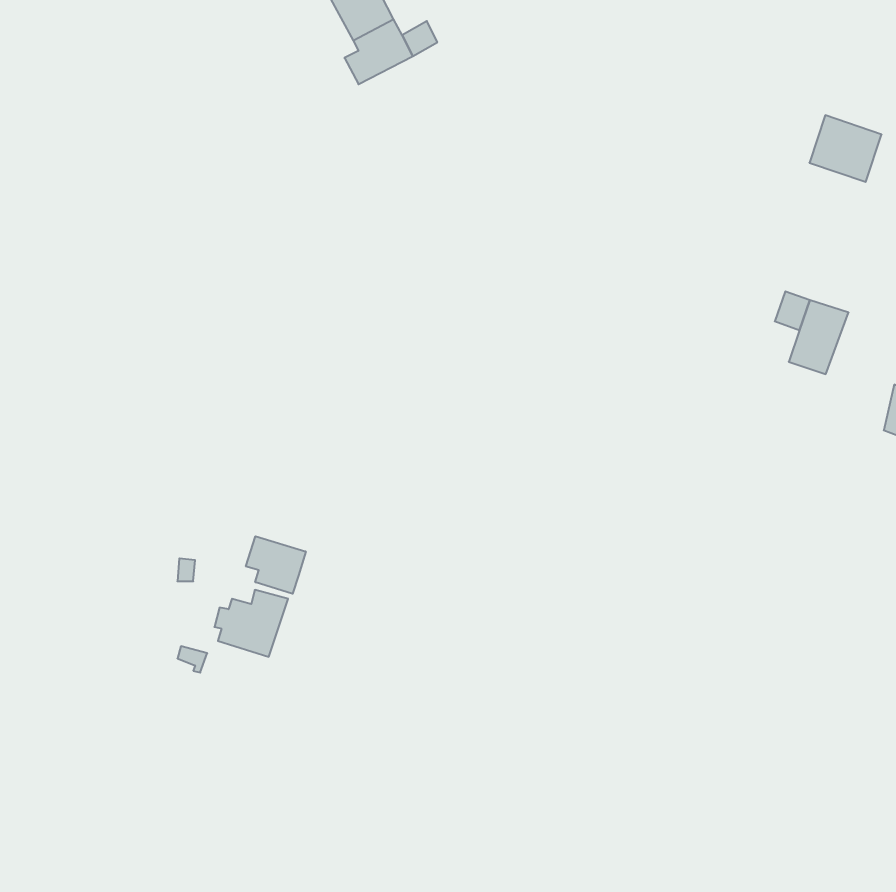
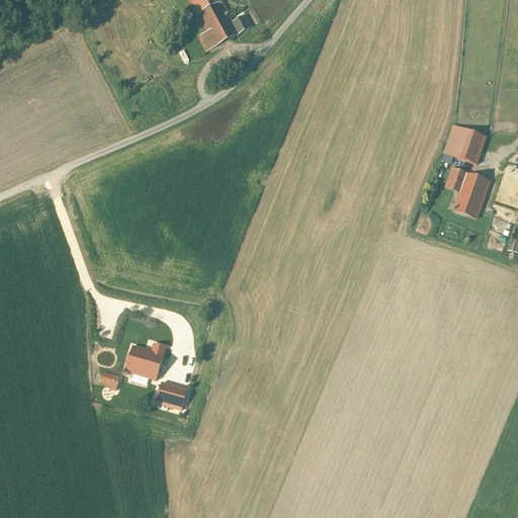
building: [809,115,882,182] -> [444,124,486,163]
building: [246,536,306,594] -> none
building: none -> [157,381,188,408]

